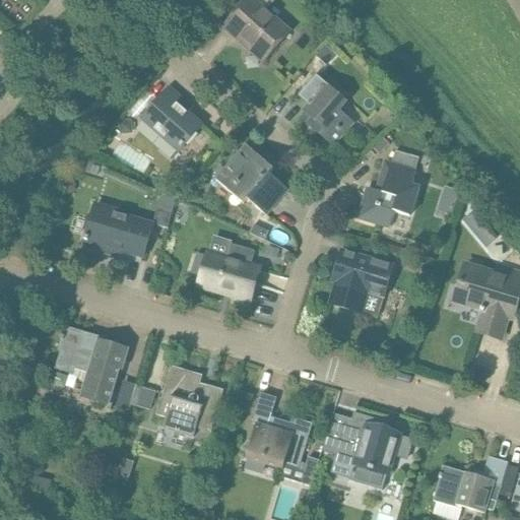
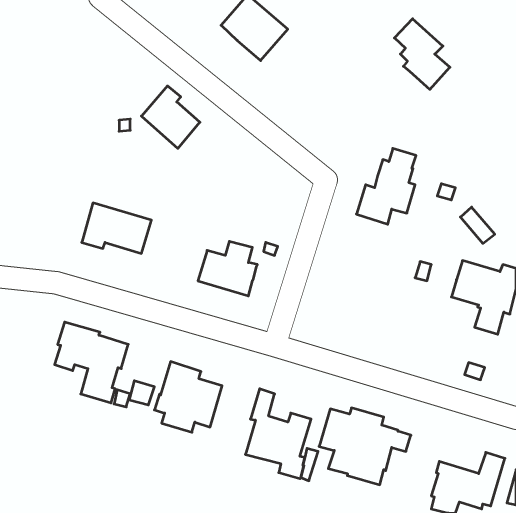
building: [298,73,353,144] -> [394,19,450,89]
building: [215,142,288,213] -> none
building: [330,249,392,316] -> none

